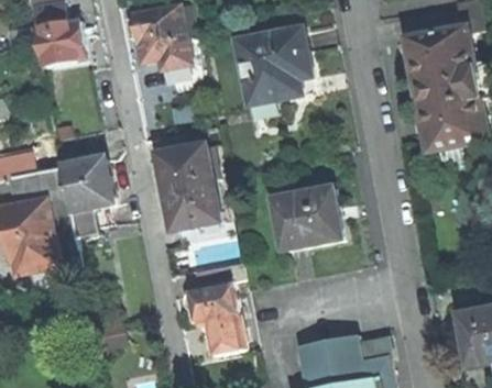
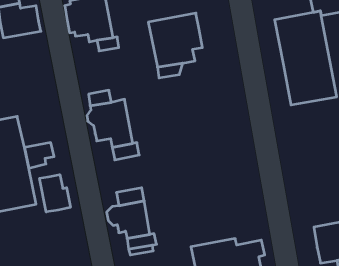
building: [58,156,111,208] -> none
building: [272,185,341,247] -> none
building: none -> [40,175,70,212]

